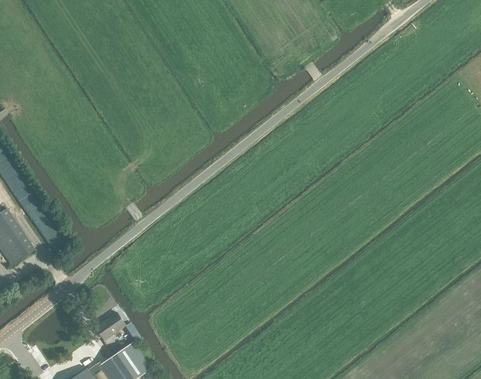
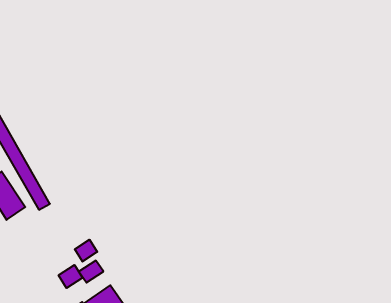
building: none -> [75,240,97,262]
building: none -> [59,265,82,288]

